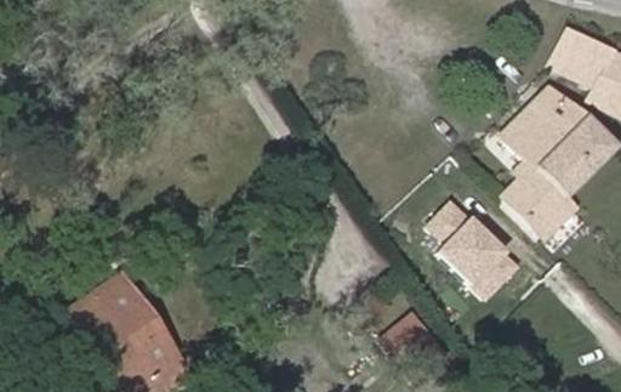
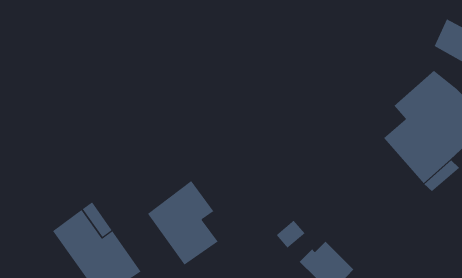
building: [425,198,514,294] -> none
building: none -> [147,180,218,266]

